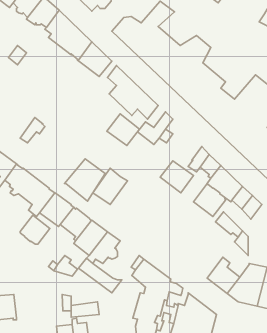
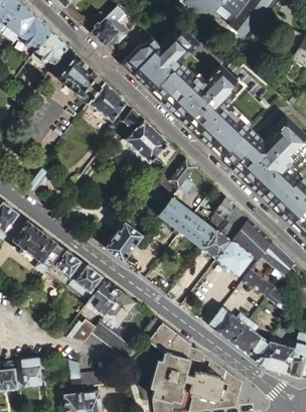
building: [107,114,139,146] -> [157,195,193,231]
building: [65,159,105,201] -> none
building: none -> [202,229,231,258]
building: [20,215,50,244] -> none
building: none -> [207,306,249,342]
building: none -> [17,358,45,387]

